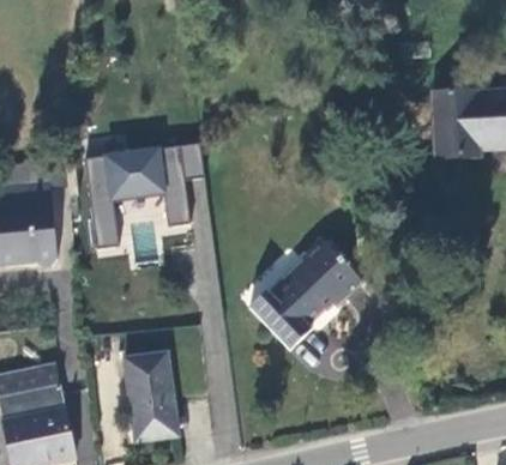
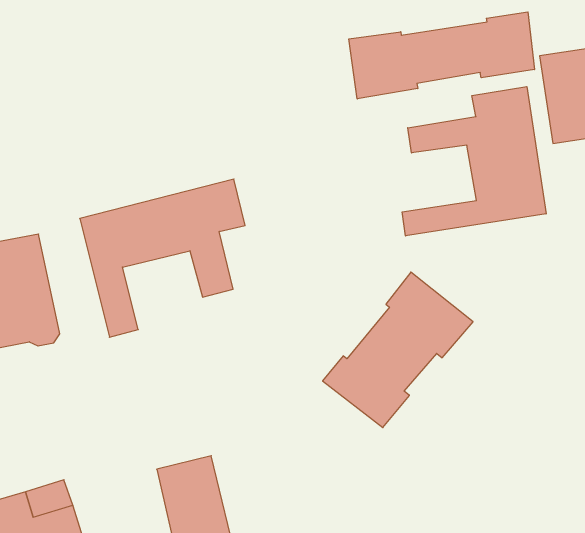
building: none -> [349,12,534,99]
building: none -> [402,87,546,236]

